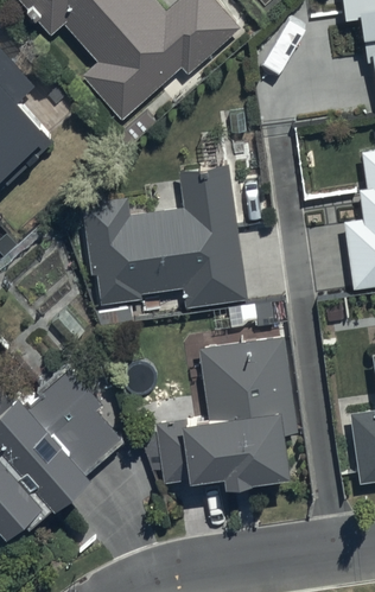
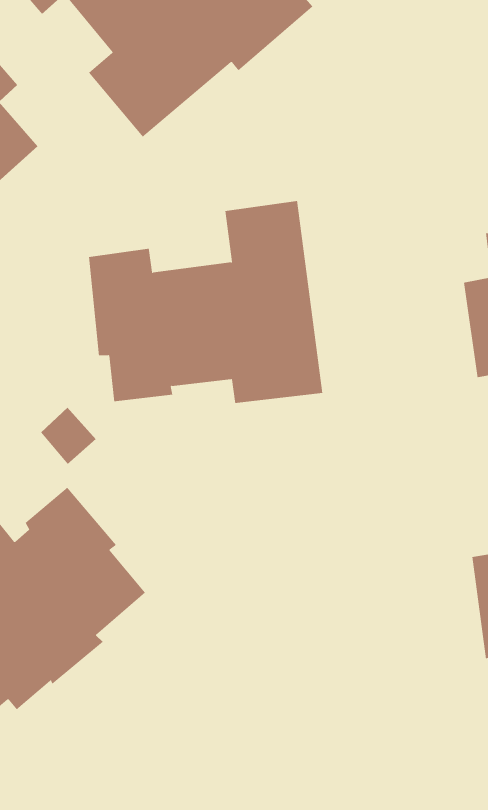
building: [155,336,299,484] -> none

